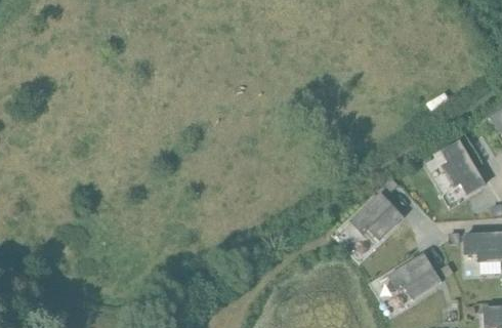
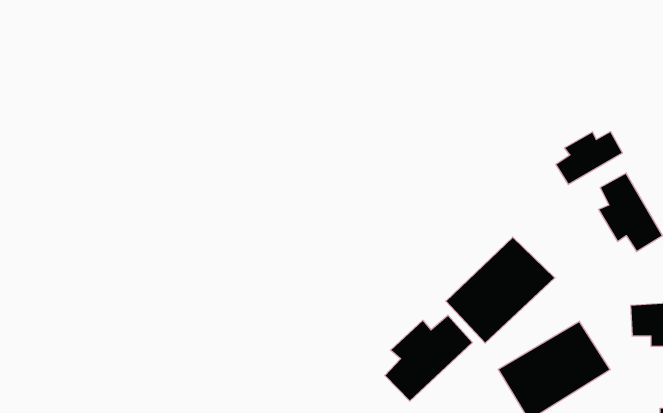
building: none -> [556,132,622,185]
building: none -> [385,315,472,401]

